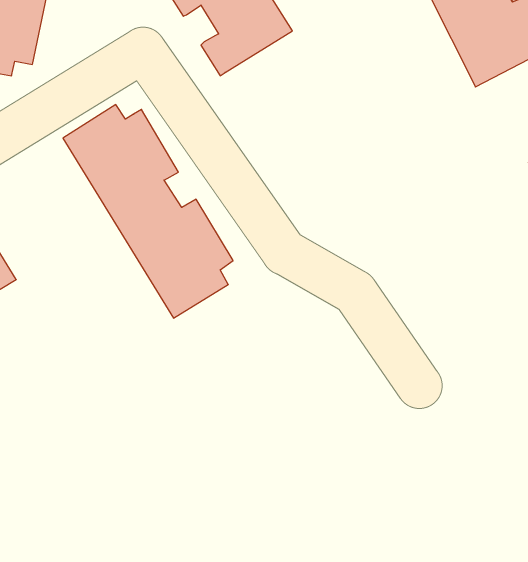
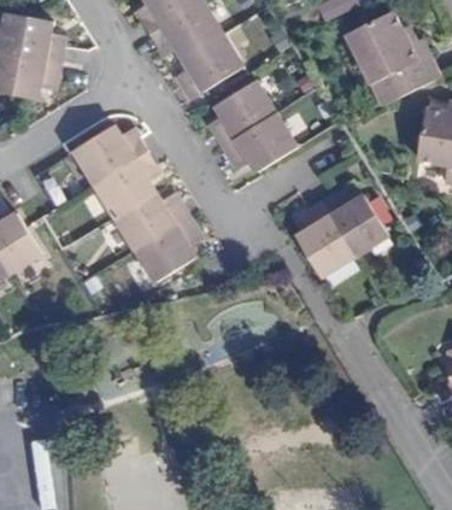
building: none -> [206,80,295,170]
building: none -> [295,187,387,275]

